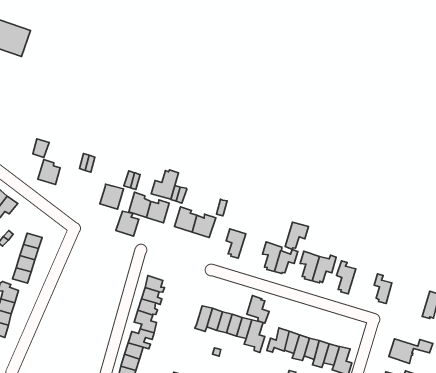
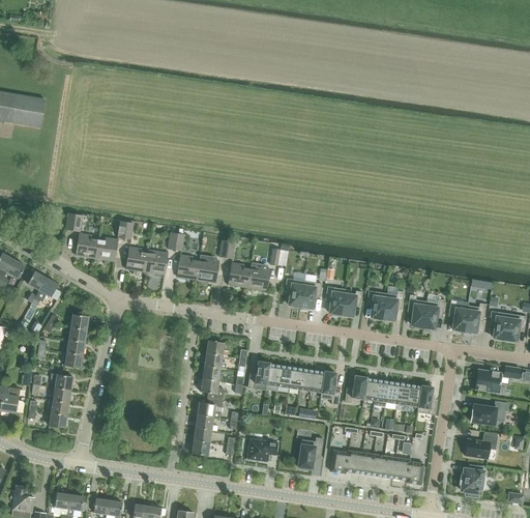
building: none -> [95,237,118,261]
building: [151,170,178,199] -> none
building: [116,211,139,236] -> [125,247,148,271]
building: [285,222,309,250] -> [300,281,322,310]
building: none -> [422,298,445,329]
building: none -> [464,303,485,334]
building: none -> [489,311,508,341]
building: [247,296,269,323] -> none
building: none -> [247,361,269,390]

